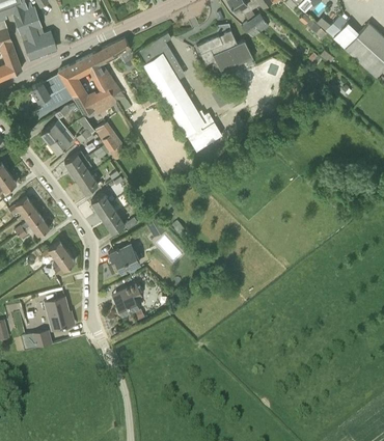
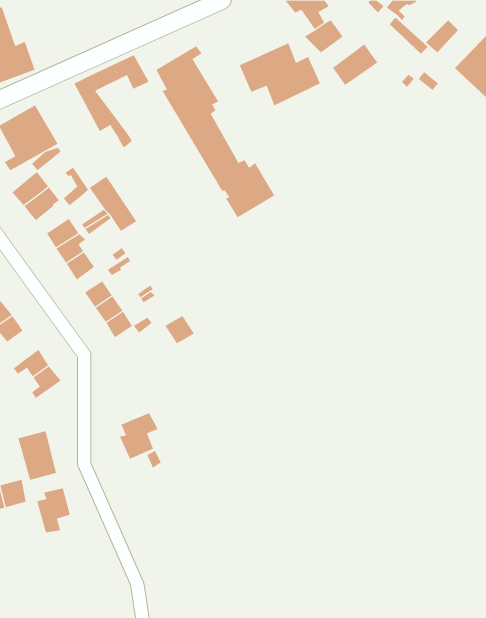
building: none -> [332,44,378,86]
building: [58,58,117,113] -> none
building: [108,245,139,273] -> none
building: none -> [37,488,70,533]

